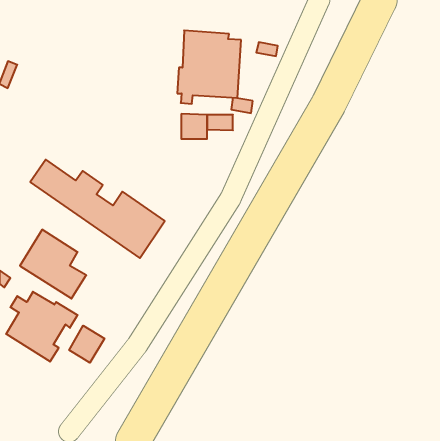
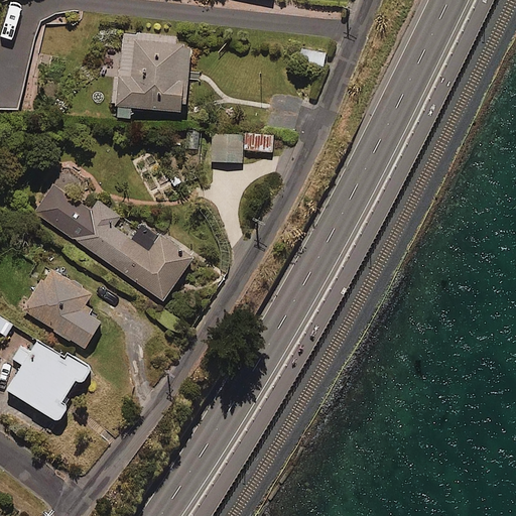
building: [177,30,241,104] -> [115,32,189,118]
building: [69,326,104,363] -> none

